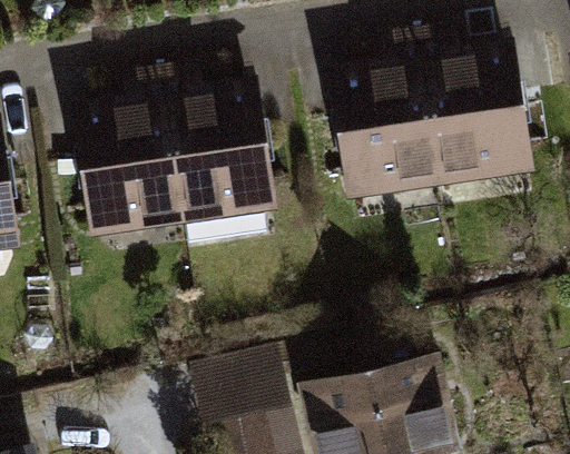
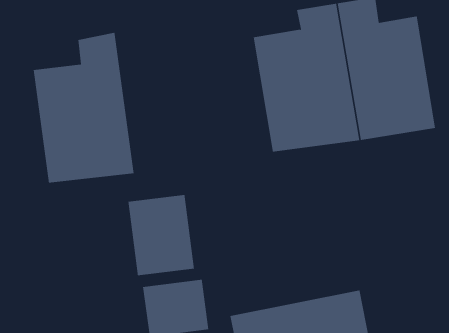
building: [164,57,276,225] -> none
building: none -> [128,194,194,276]

